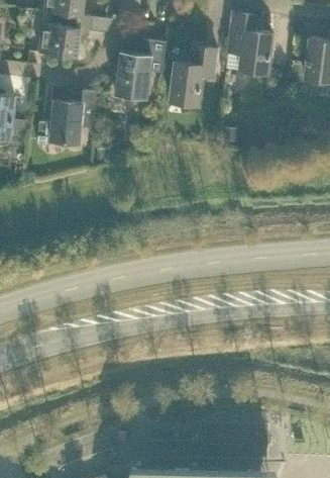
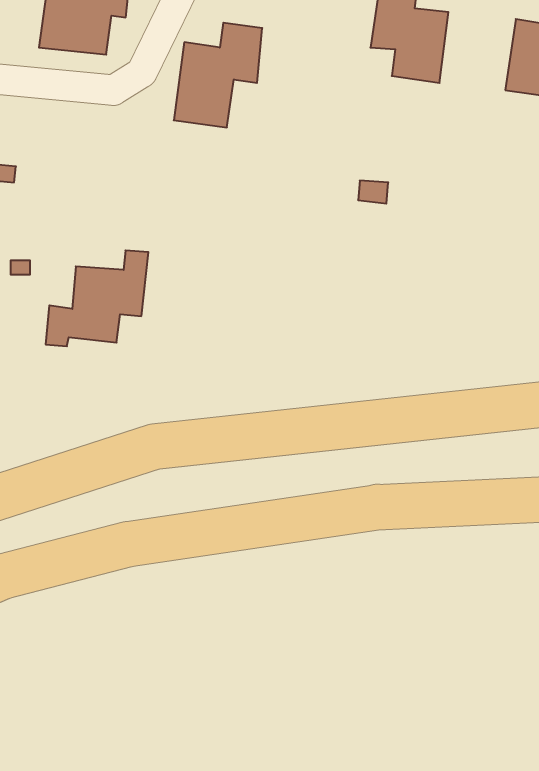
building: [170,46,217,105] -> none
building: [37,91,96,146] -> [46,250,148,346]

